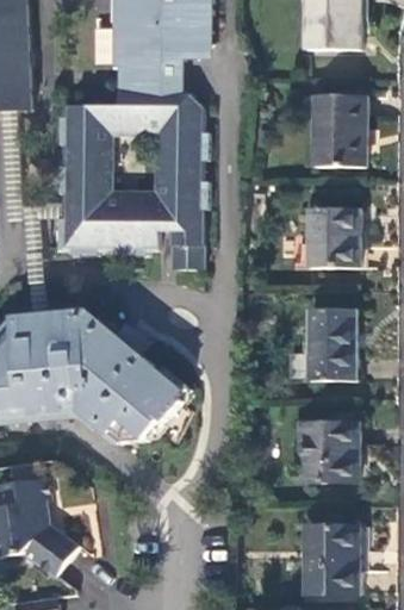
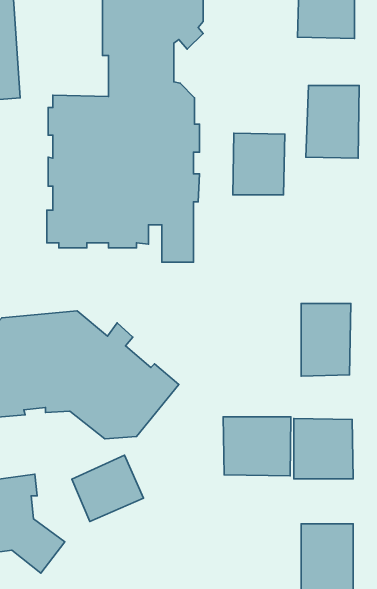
building: [307,206,359,267] -> [233,133,285,195]
building: none -> [223,417,291,476]
building: none -> [72,455,144,522]

